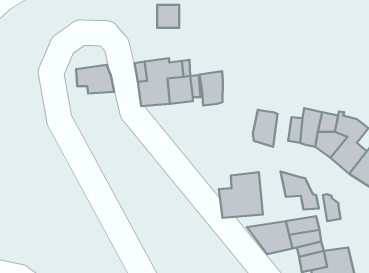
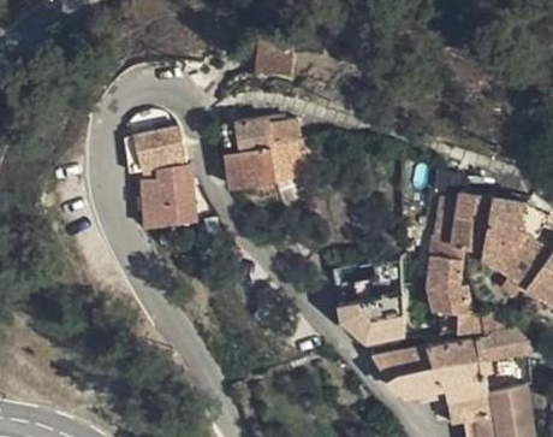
building: [200,71,223,106] -> none
building: none -> [137,167,195,225]
building: [253,110,277,147] -> [424,236,459,289]

